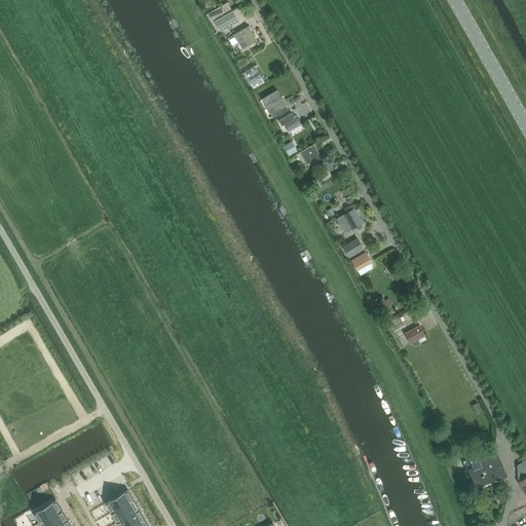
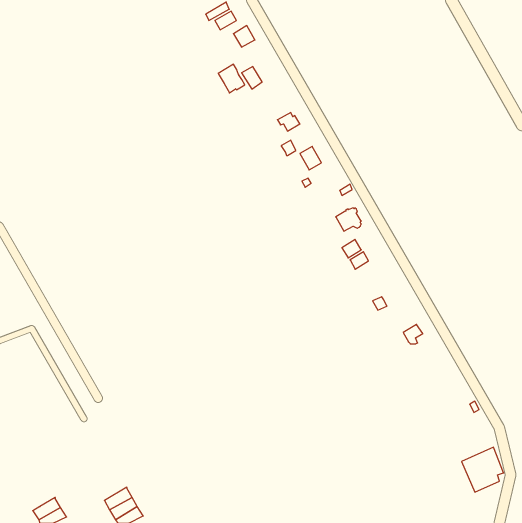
building: [261,88,288,117] -> [218,64,245,93]

